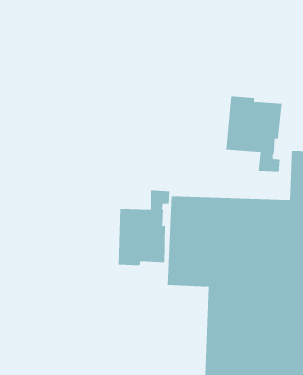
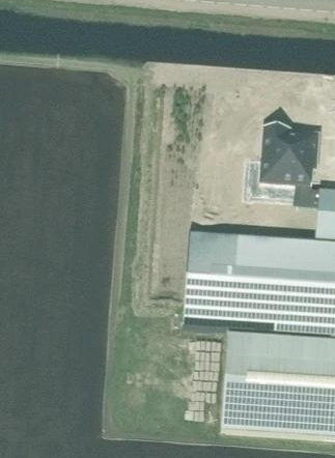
building: [118,189,170,266] -> none

